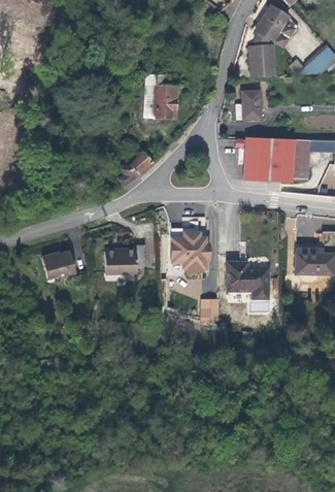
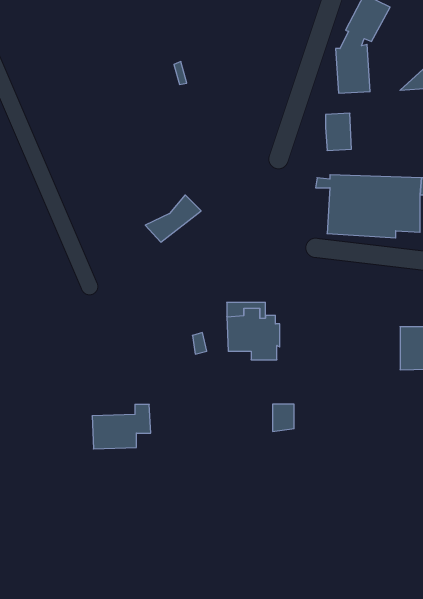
building: [155,85,178,119] -> none
building: [103,243,145,275] -> [92,404,151,449]
building: [40,251,75,277] -> none
building: [227,263,269,301] -> none

